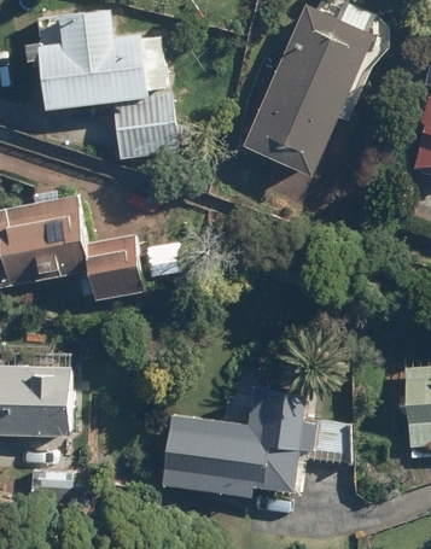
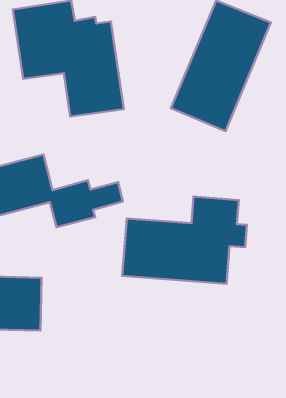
building: [157,385,320,500] -> [122,196,247,284]

